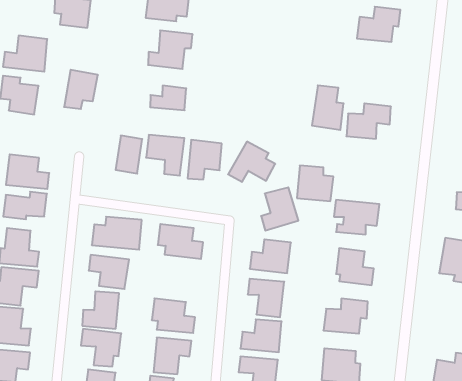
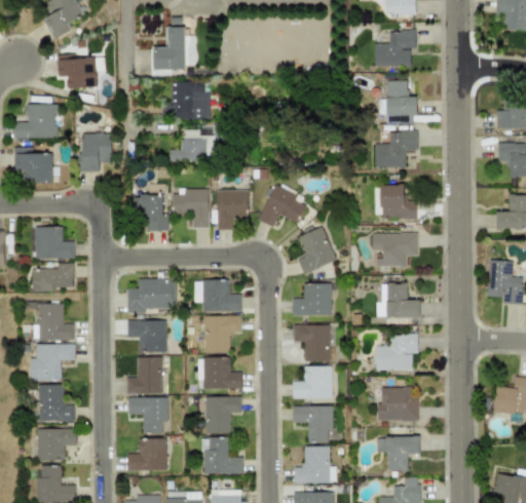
building: [312,85,344,130] -> [386,81,416,124]
building: [297,166,333,201] -> [380,184,416,219]
building: none -> [205,315,241,352]

